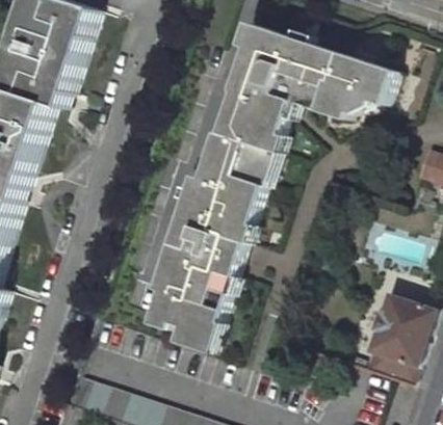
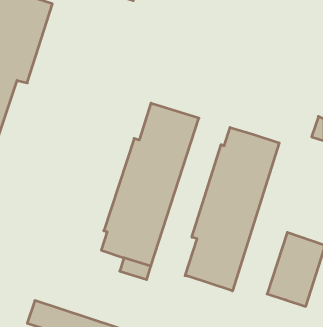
building: [222,25,395,152] -> none
building: none -> [185,127,279,291]

